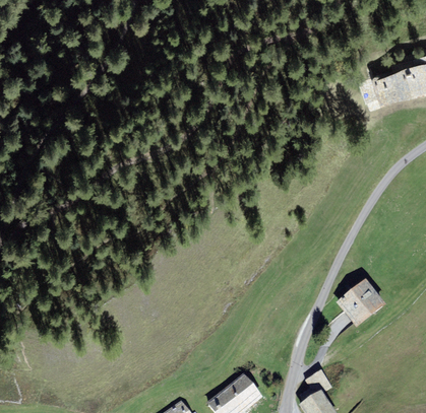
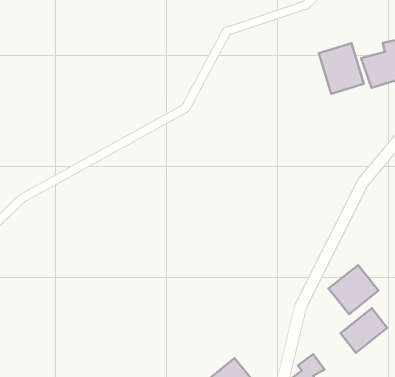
building: none -> [319,43,364,94]
building: none -> [341,308,387,353]

